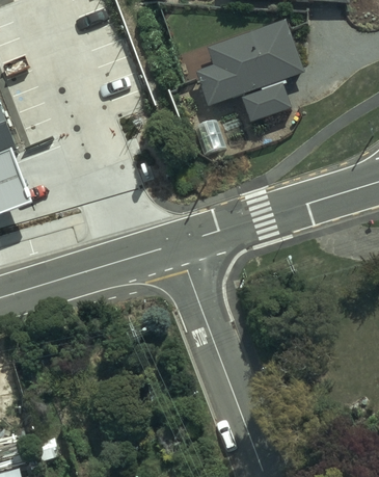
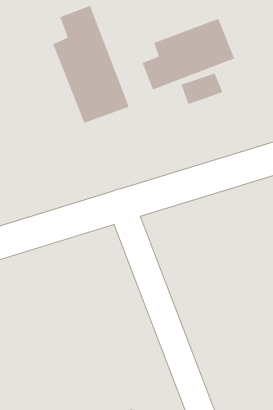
building: none -> [52,5,130,124]

